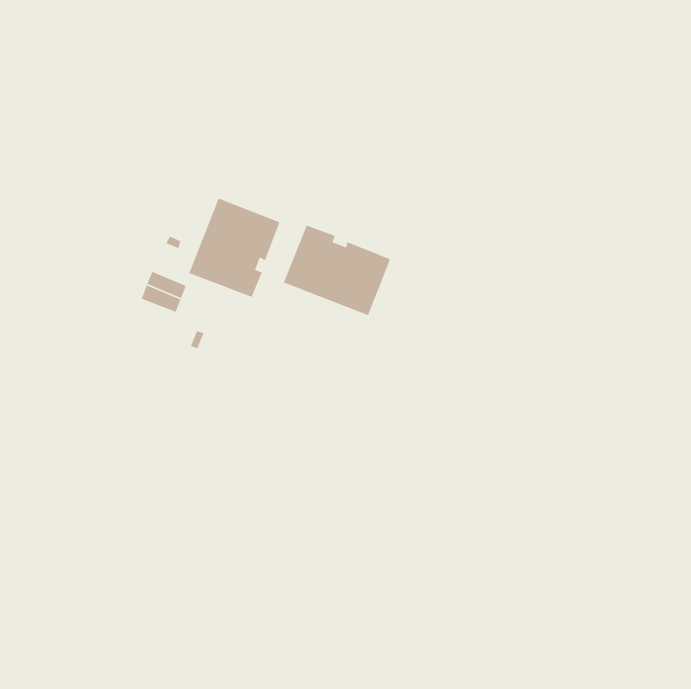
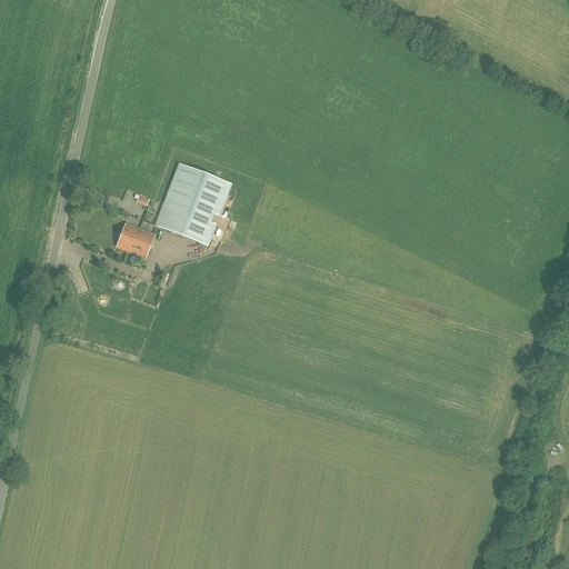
building: [283,225,391,316] -> none

